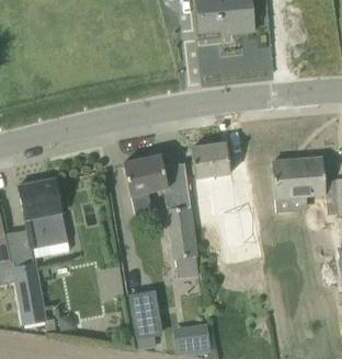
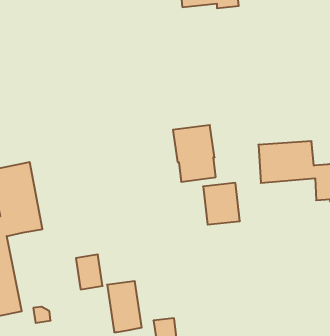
building: [124,154,200,279] -> none

